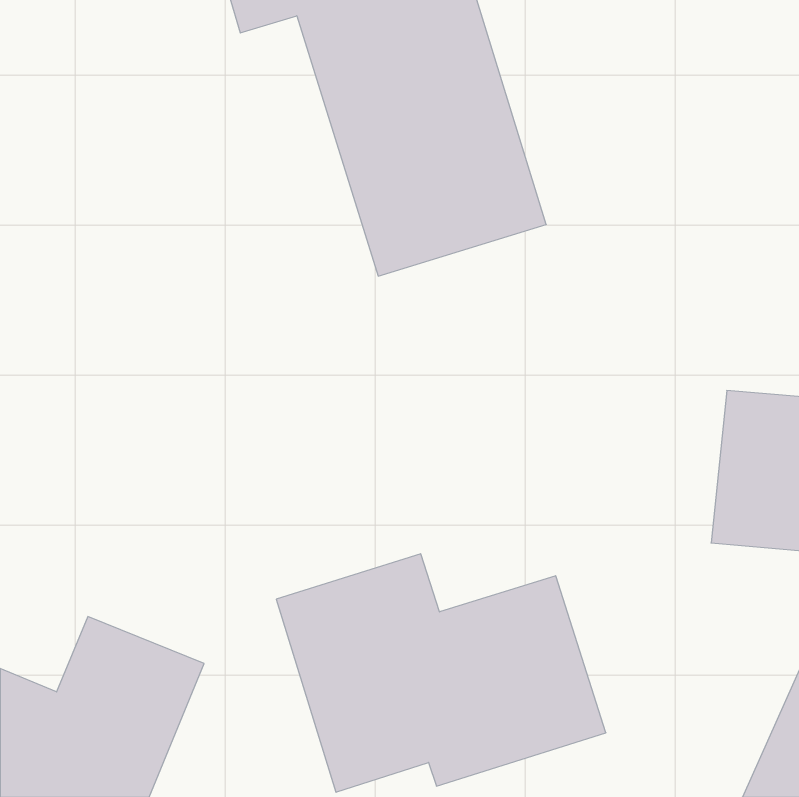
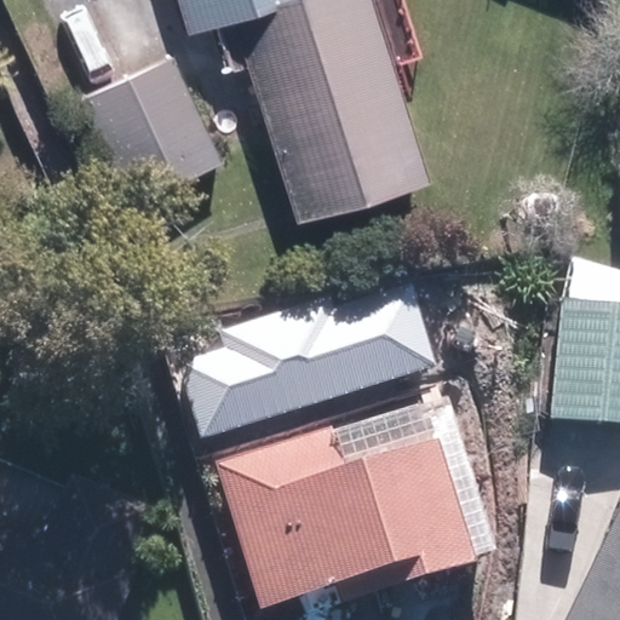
building: none -> [82,53,220,197]
building: none -> [182,277,438,431]

